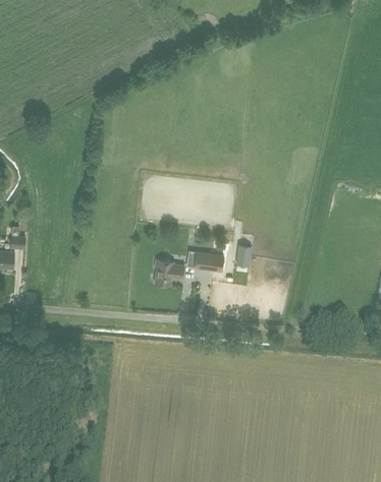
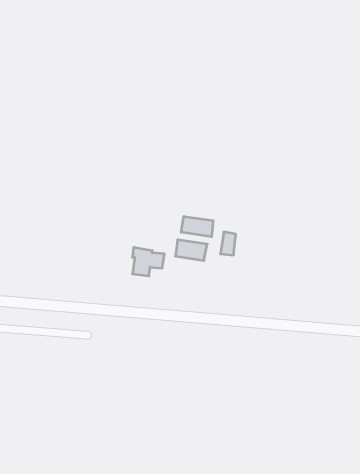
building: none -> [181,216,213,237]

